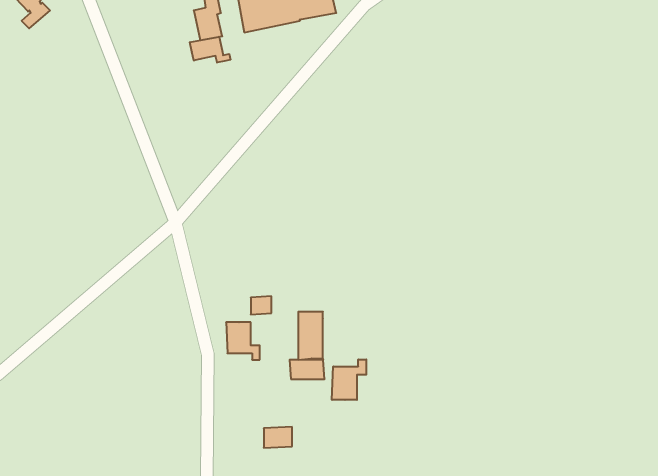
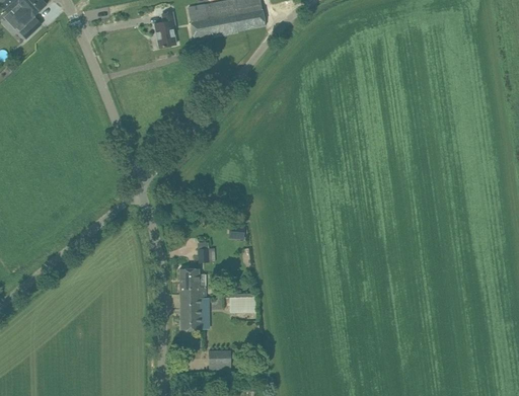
building: [190,37,230,63] -> none
building: [298,312,323,360] -> [180,292,200,329]
building: [332,359,366,400] -> none

